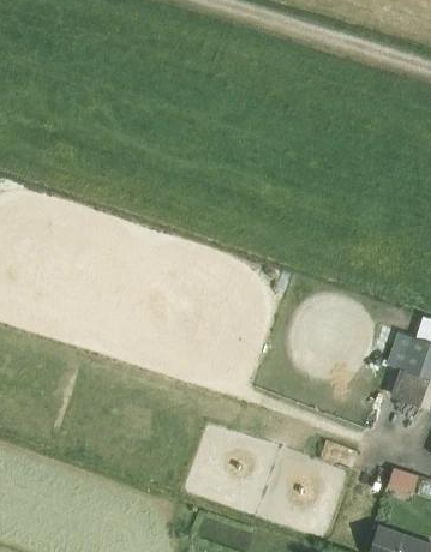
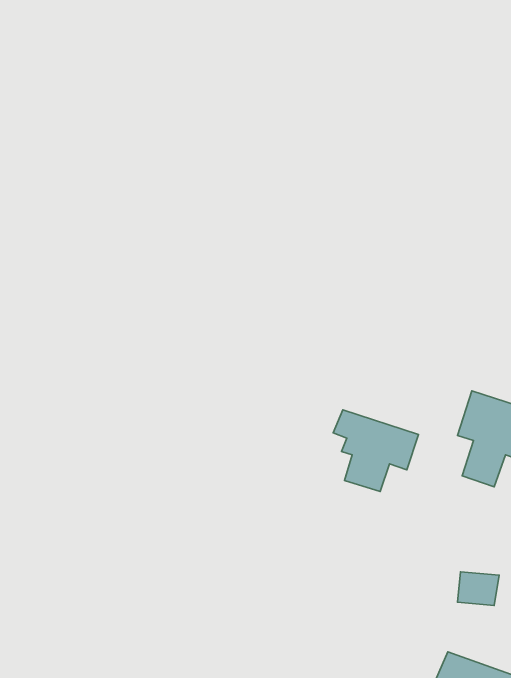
building: none -> [333,410,419,492]

